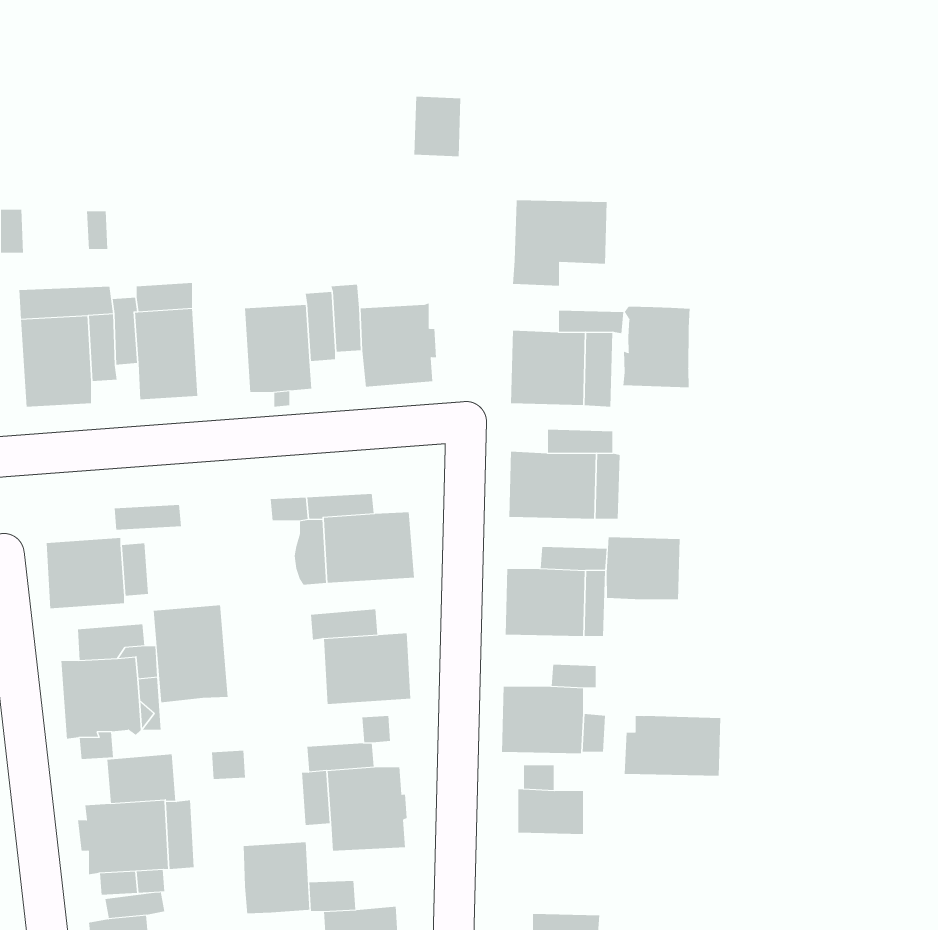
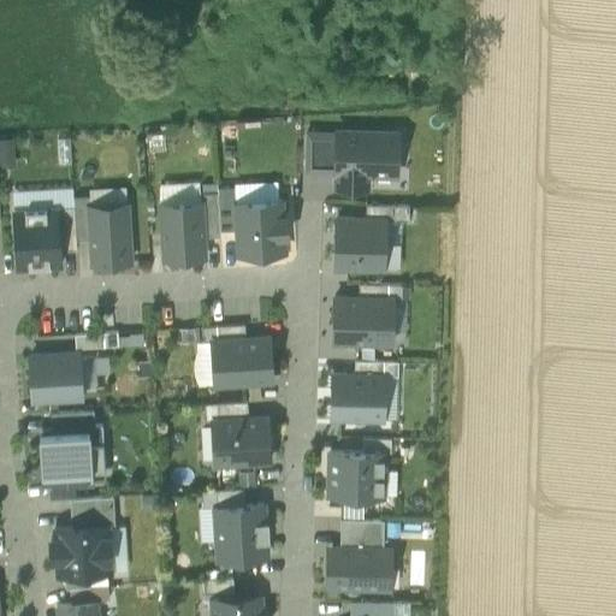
building: [414,96,461,157] -> [307,136,338,176]
building: none -> [159,185,201,207]
building: none -> [235,185,278,207]
building: [623,306,690,388] -> none
building: [606,537,680,600] -> none
building: [153,605,228,703] -> none
building: [624,716,721,776] -> [326,551,390,591]
building: [243,842,310,914] -> none

